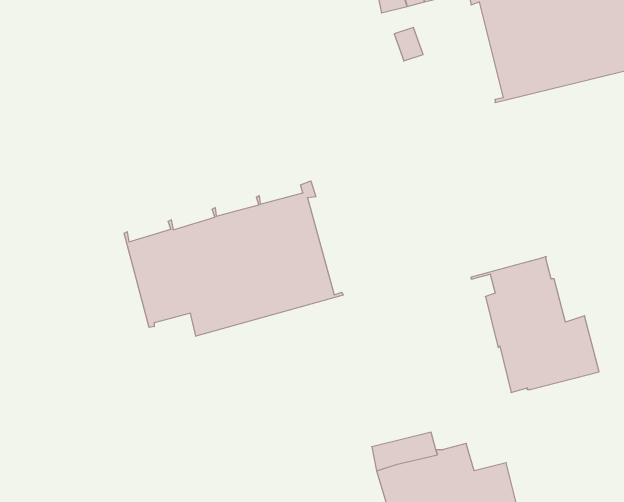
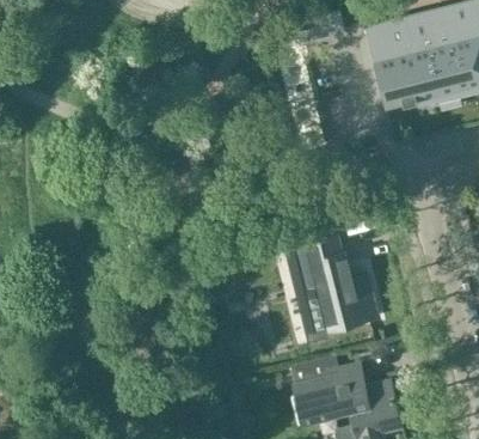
building: [124,181,343,336] -> none
building: [471,257,599,393] -> [281,232,376,334]

